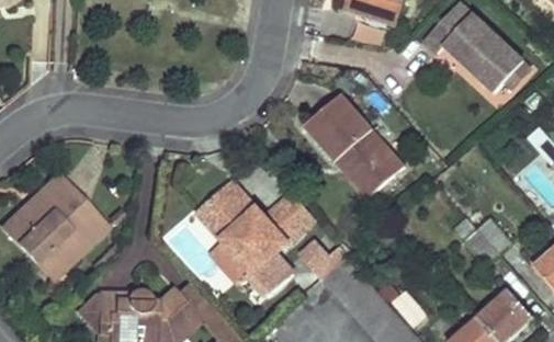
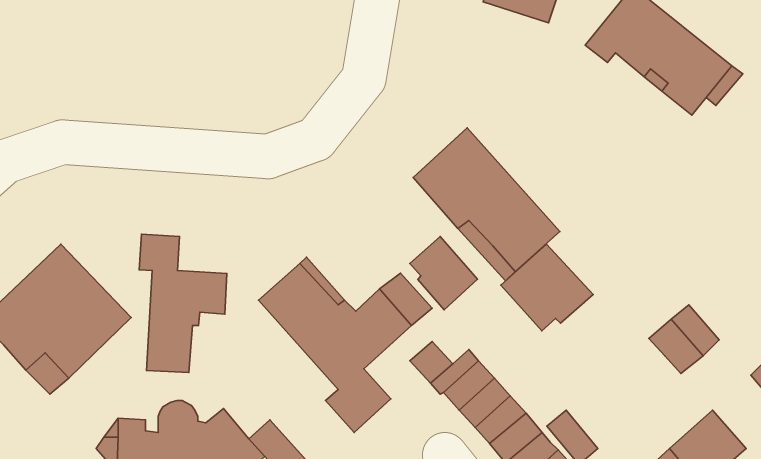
building: none -> [139,234,227,373]
building: none -> [410,236,478,310]
building: none -> [501,244,593,331]

